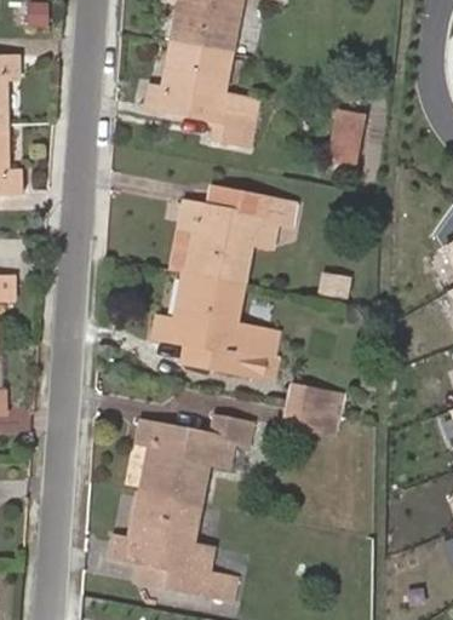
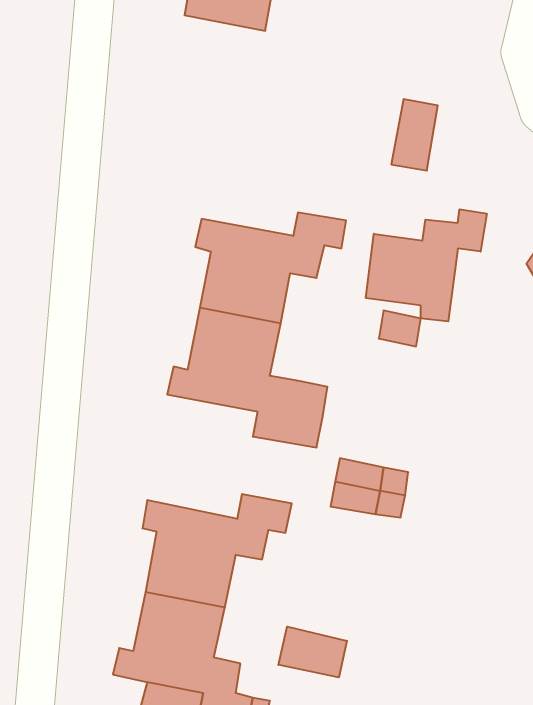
building: [145,42,259,144] -> none
building: none -> [366,209,487,321]
building: none -> [278,627,347,677]

